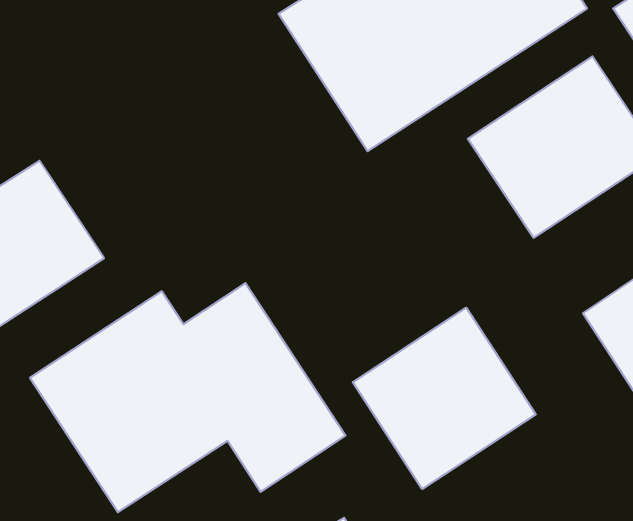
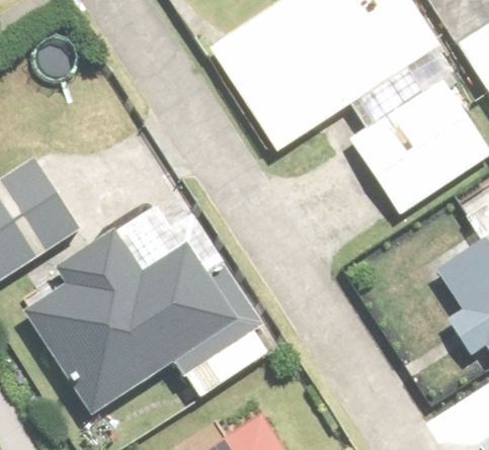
building: [353,308,536,489] -> none

